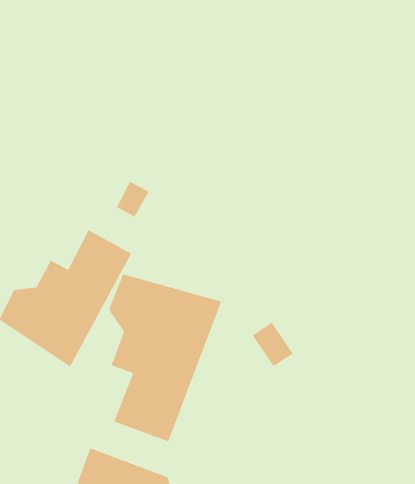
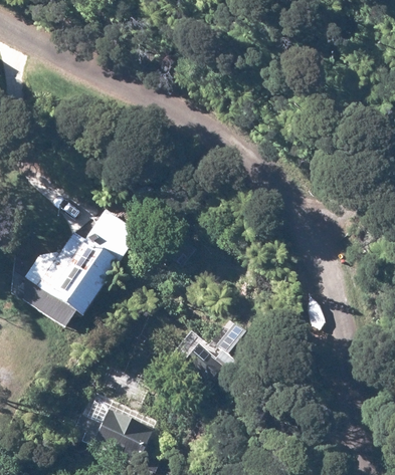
building: [109,274,222,442] -> none

